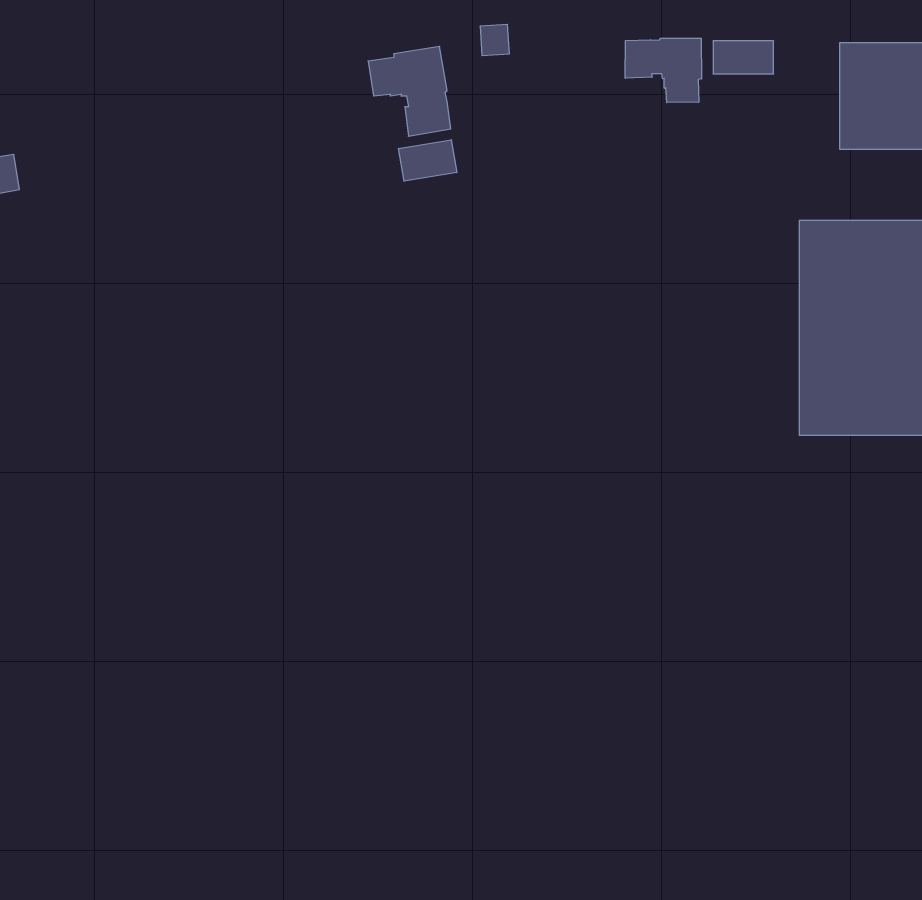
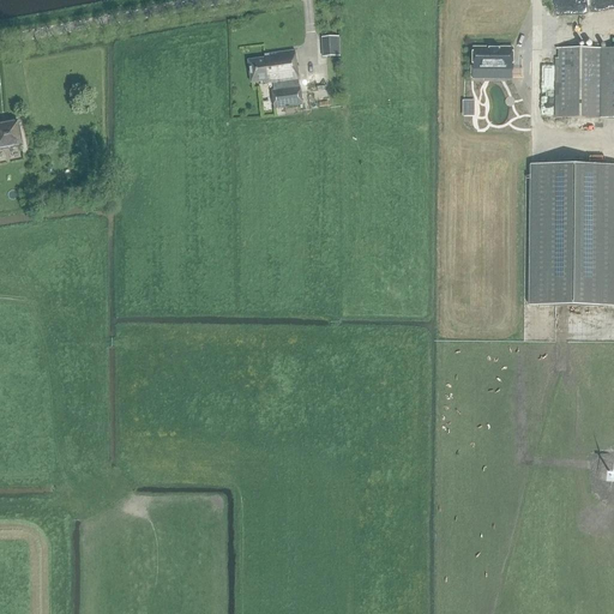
building: [625,38,702,103] -> none
building: [399,140,457,181] -> none

